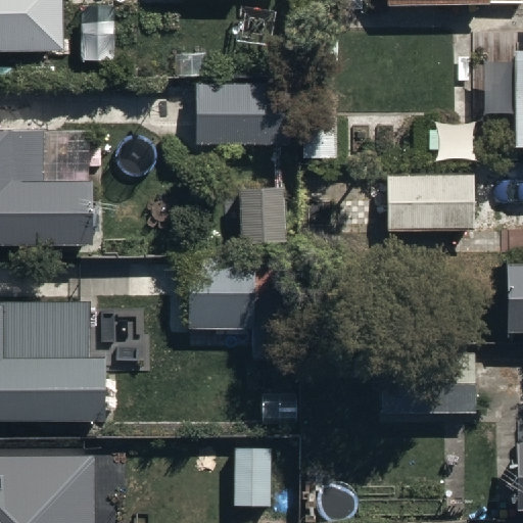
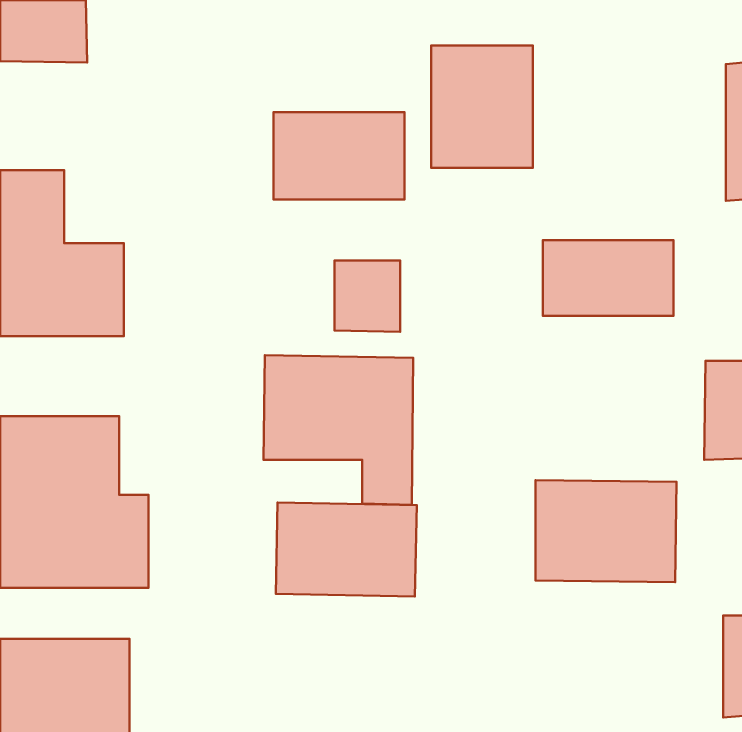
building: none -> [431,46,533,168]
building: none -> [276,502,417,597]

